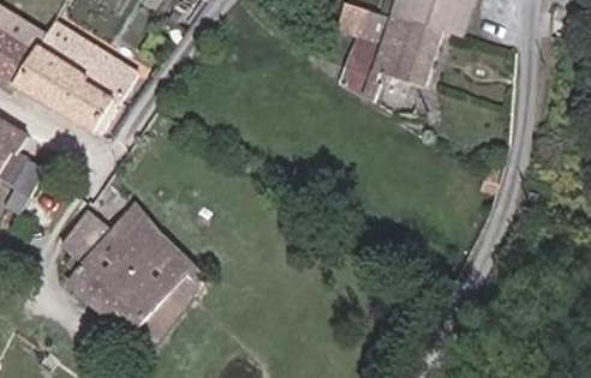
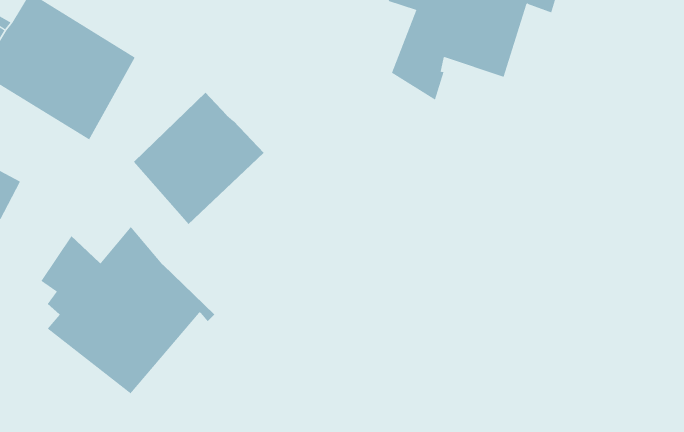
building: none -> [133,92,265,225]

